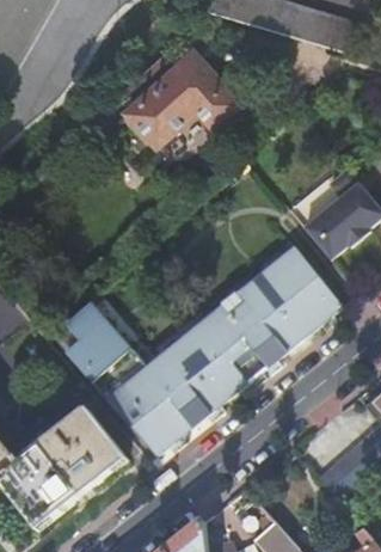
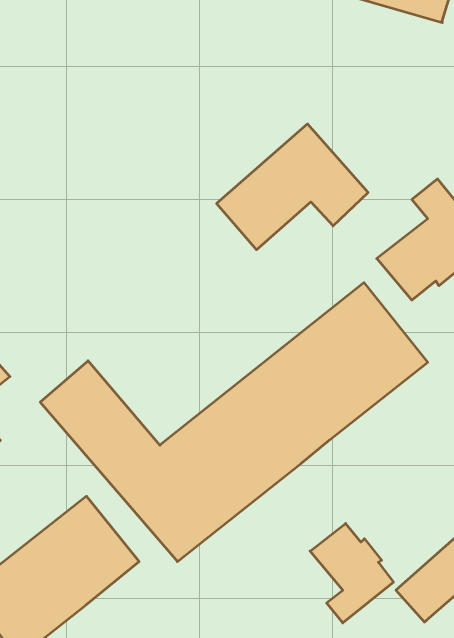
building: [121,51,234,146] -> [217,124,368,250]
building: none -> [310,523,393,623]

